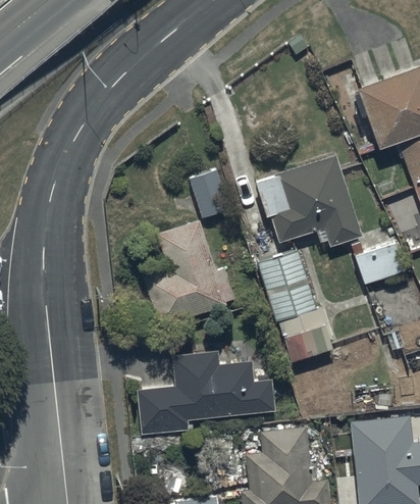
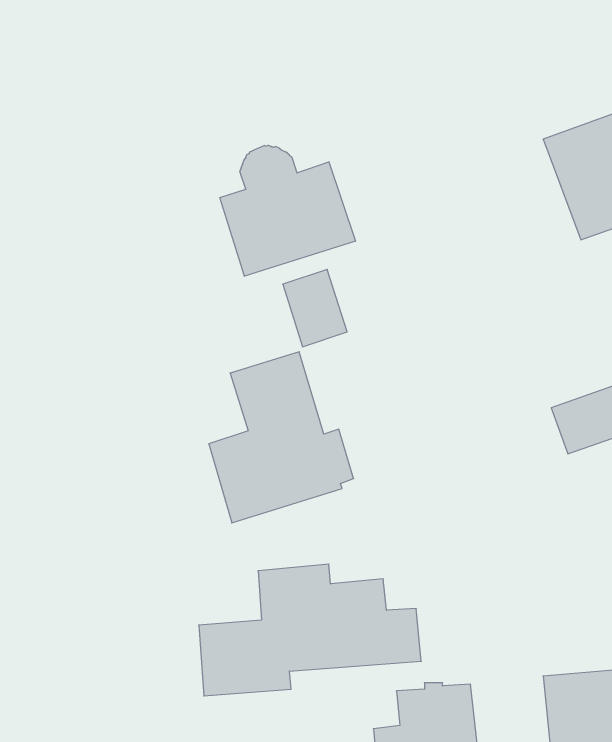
building: none -> [220,145,355,276]
building: [256,157,362,246] -> none
building: [257,249,336,362] -> none

